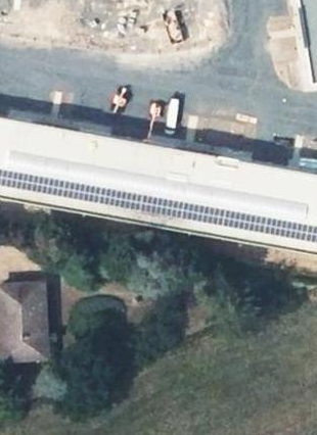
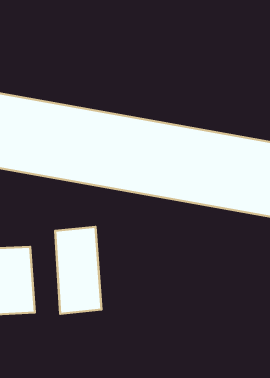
building: none -> [55,227,102,314]

